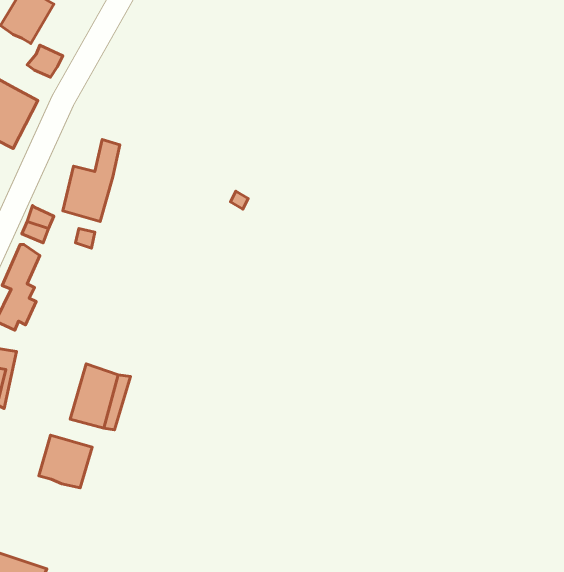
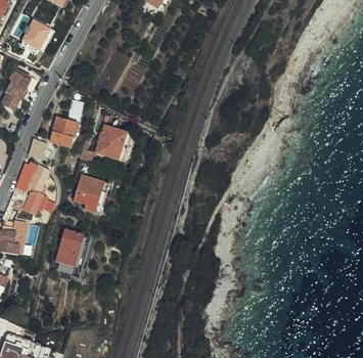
building: none -> [95,127,132,164]
building: none -> [73,176,109,213]
building: [39,435,92,488] -> none

